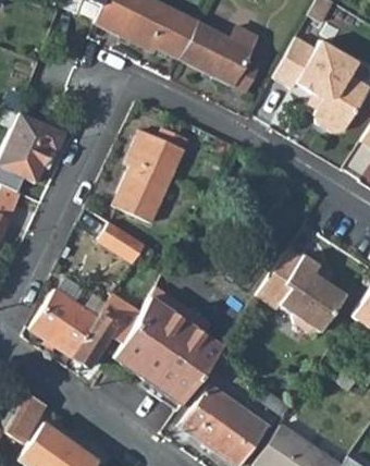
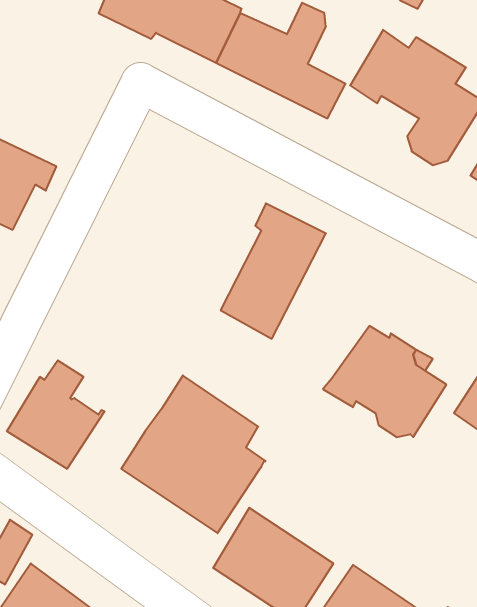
building: [111,127,187,225] -> [221,203,326,339]
building: [95,221,144,262] -> none
building: [72,294,140,366] -> none

